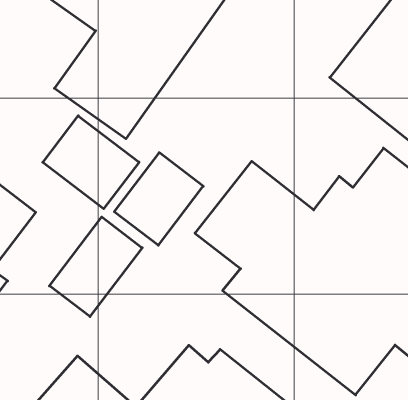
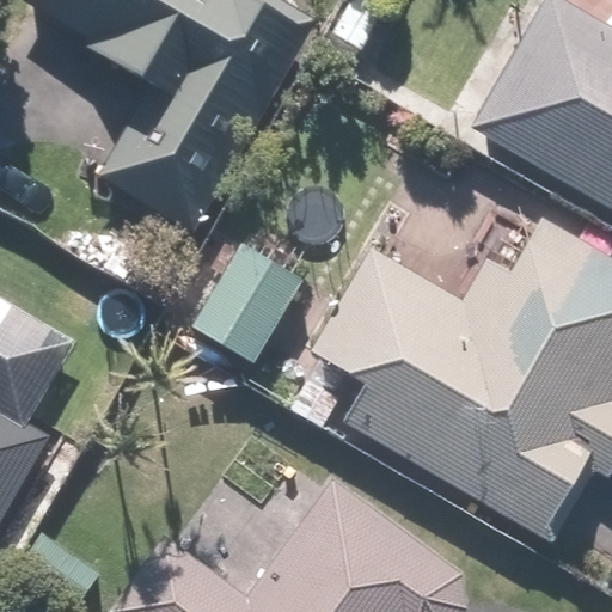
building: [43,116,139,209] -> none
building: [49,217,142,317] -> none

